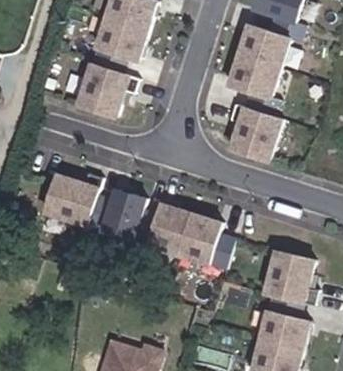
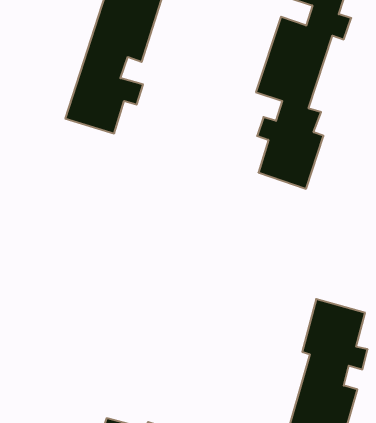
building: [46,173,236,269] -> none

